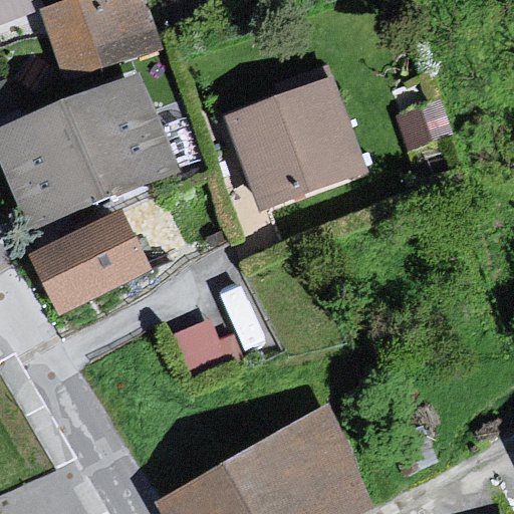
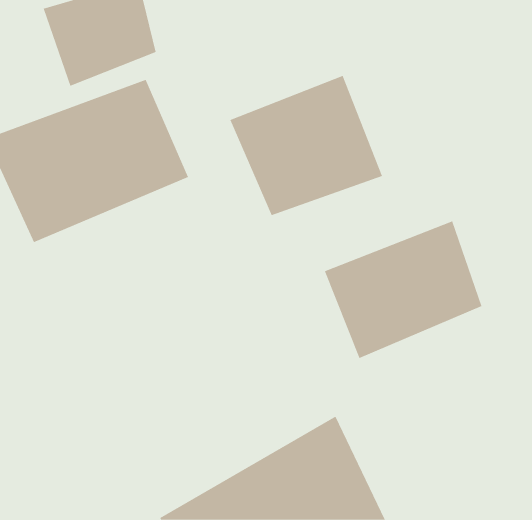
building: none -> [324,220,482,359]
building: [25,215,149,315] -> none

